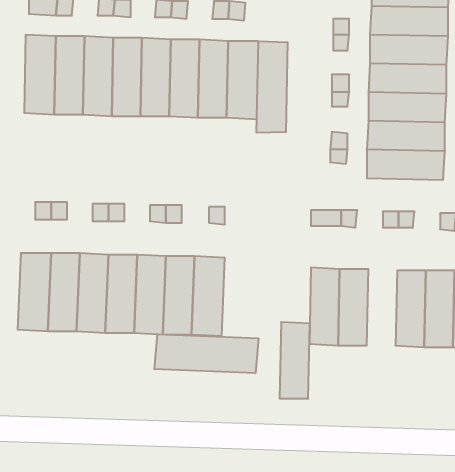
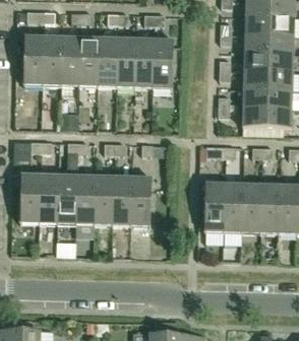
building: [256,41,288,133] -> none
building: [280,322,310,399] -> [242,184,261,232]
building: [154,334,258,373] -> none

